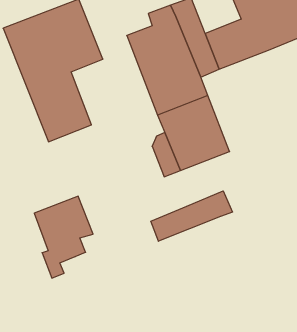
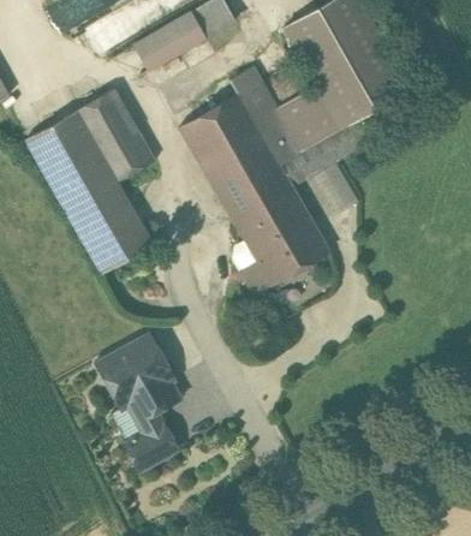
building: none -> [280,119,371,186]
building: [151,191,232,241] -> none
building: none -> [125,411,177,470]

